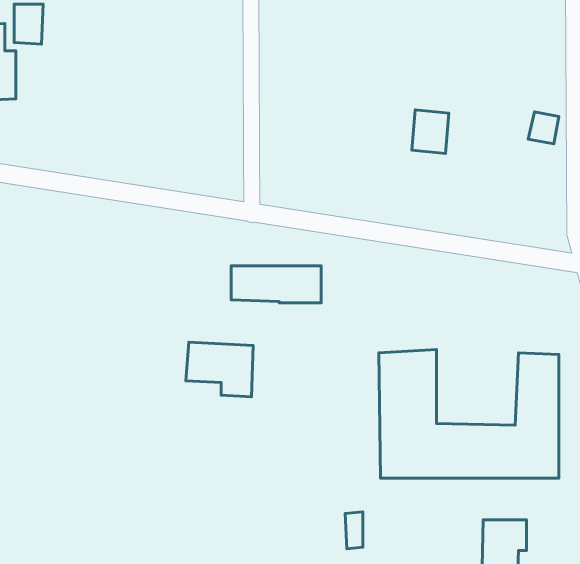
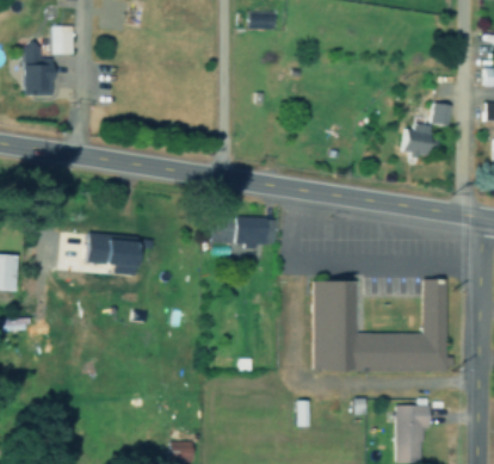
building: [412,110,449,153] -> [402,124,430,156]
building: [186,342,253,397] -> [86,234,136,274]

